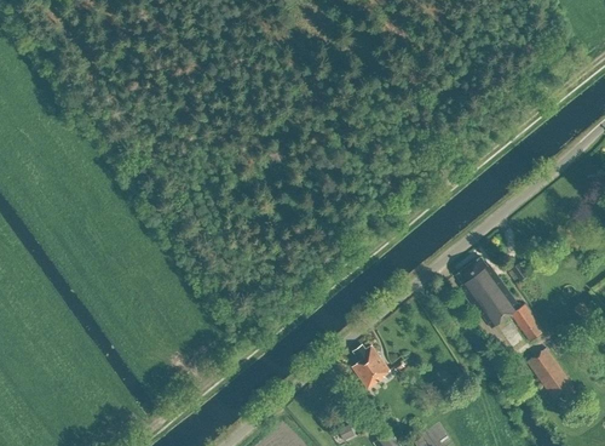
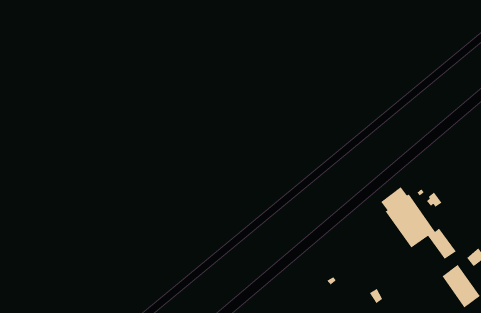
building: [352,344,390,388] -> none

